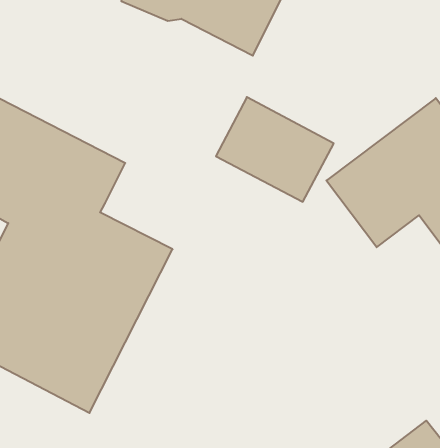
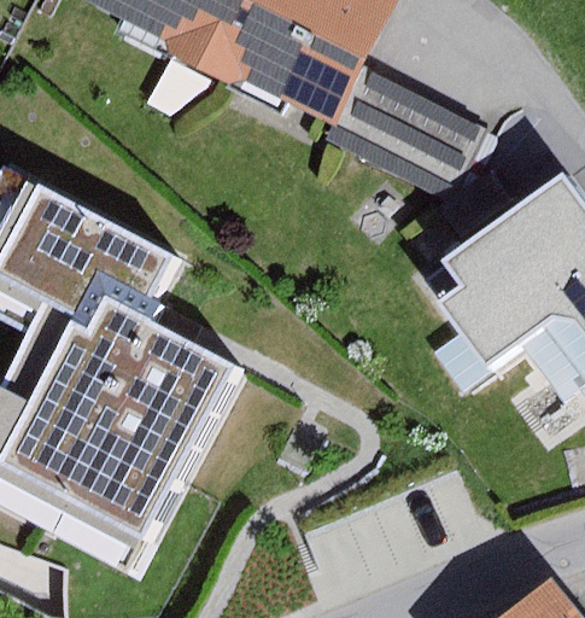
building: [216,97,334,202] -> [334,70,481,200]

